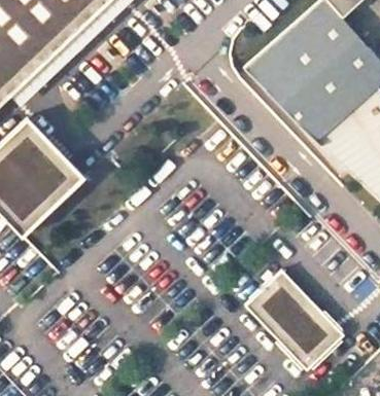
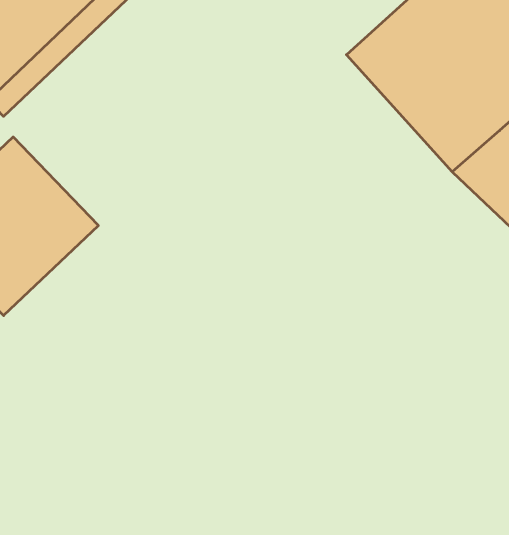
building: [248,273,341,367] -> none

